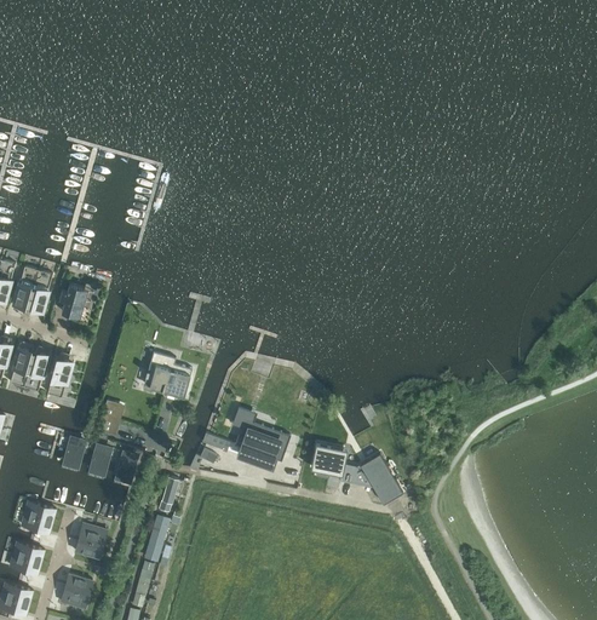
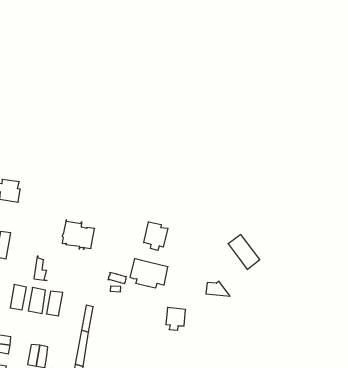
building: none -> [144,222,168,250]
building: [311,444,341,478] -> [166,307,186,330]
building: [360,454,402,505] -> [228,235,260,270]

